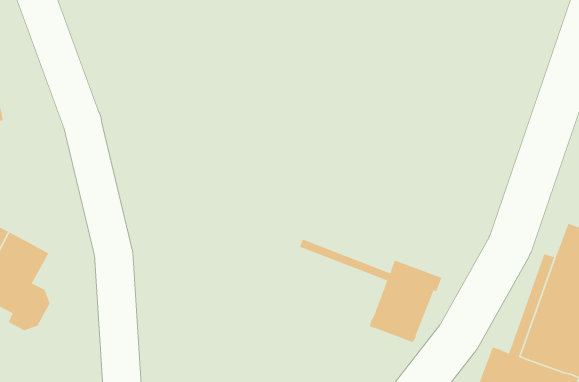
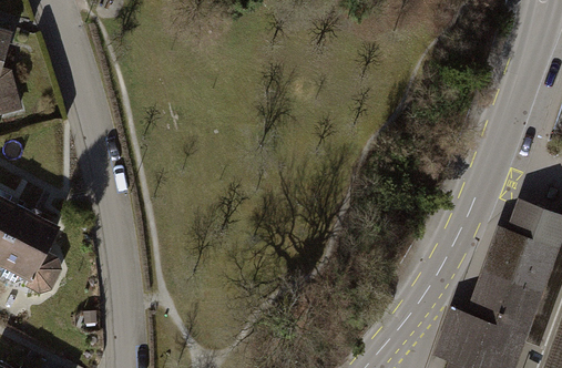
building: [299,239,443,343] -> none

